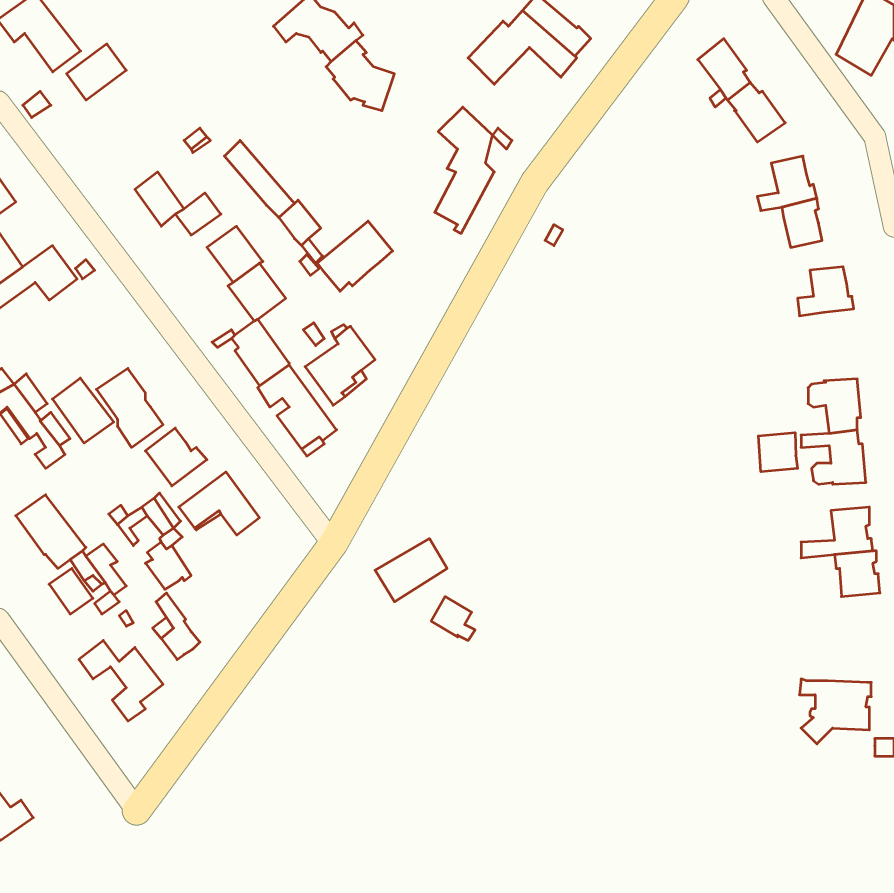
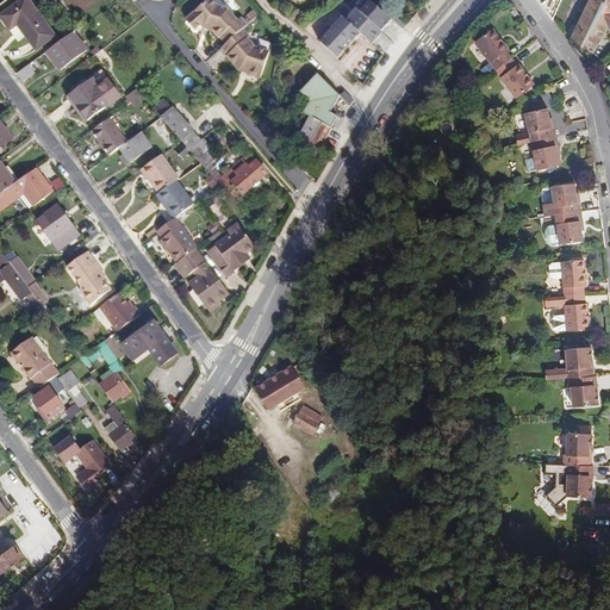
building: none -> [68,69,119,119]
building: none -> [543,210,581,242]
building: [52,378,114,443] -> [37,204,79,248]
building: [758,433,798,472] -> none
building: none -> [562,430,591,463]

